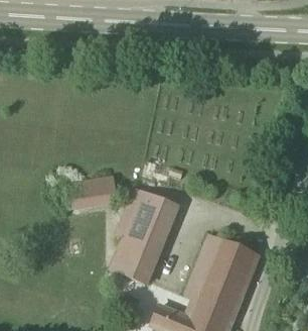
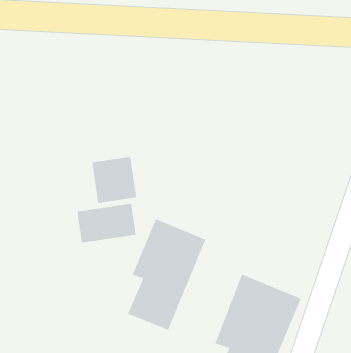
building: none -> [92,156,137,204]

